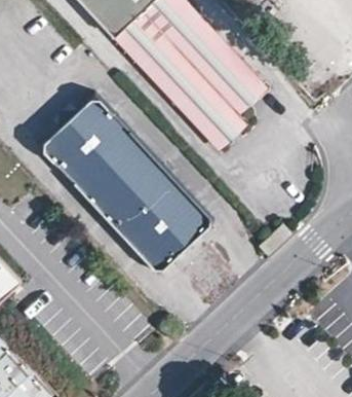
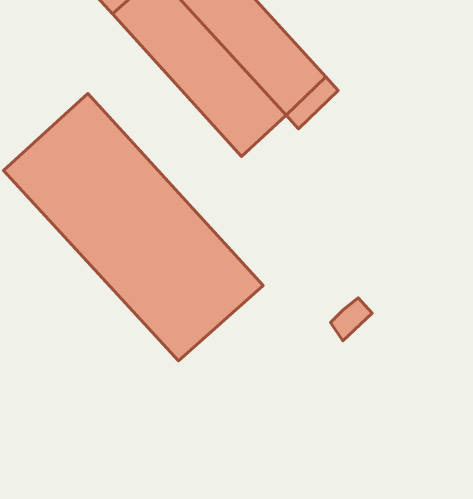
building: [196,106,242,151] -> none

